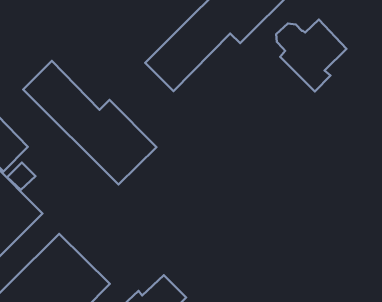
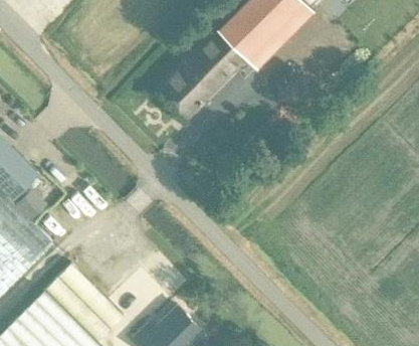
building: [276,20,347,91] -> none
building: [23,61,157,185] -> none

